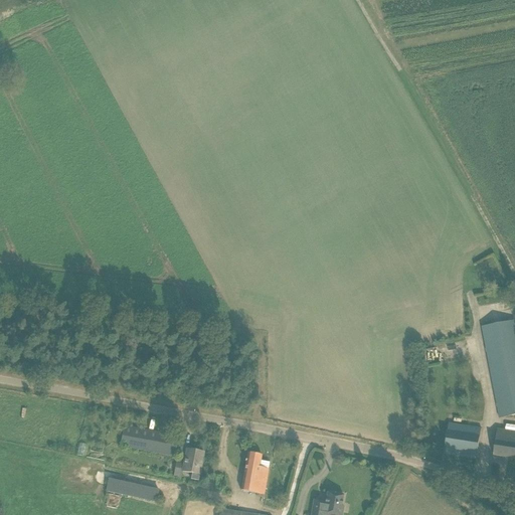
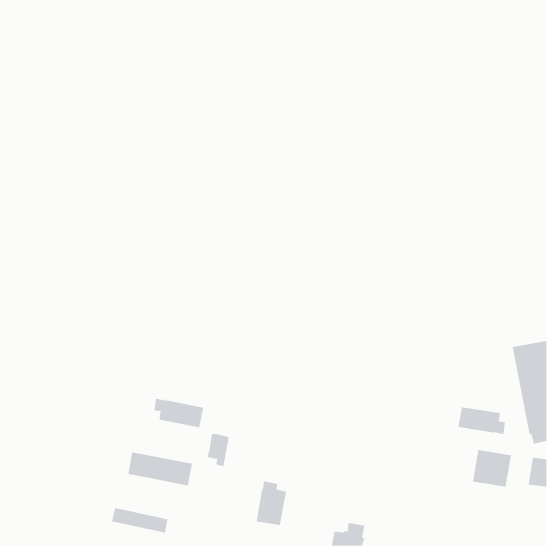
building: none -> [154,398,204,428]
building: none -> [458,407,505,435]
building: [182,449,203,480] -> [207,434,229,467]

